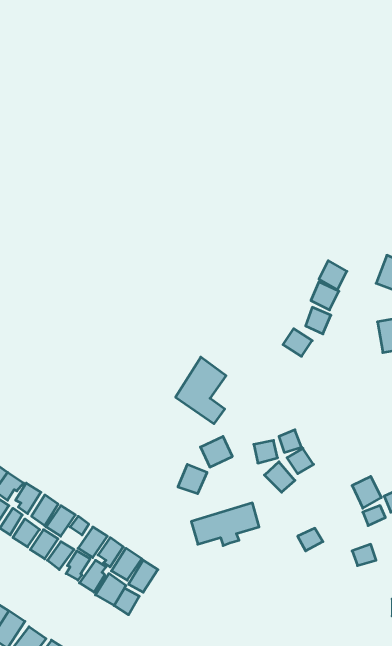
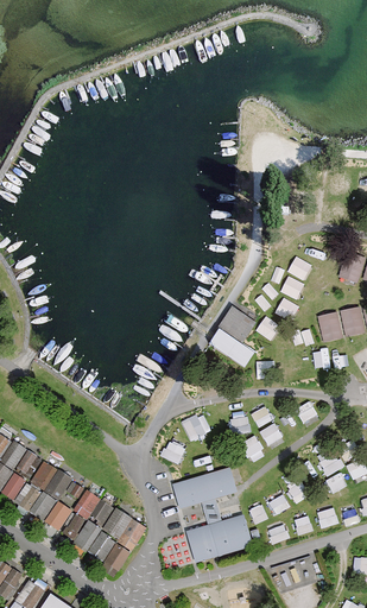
building: none -> [318,311,342,340]
building: [176,357,226,424] -> [208,308,253,367]
building: none -> [188,517,249,562]

